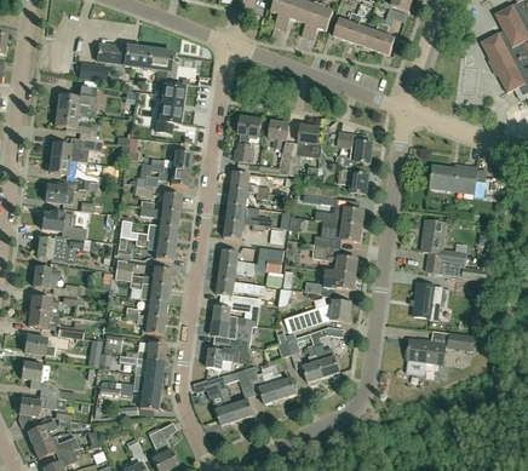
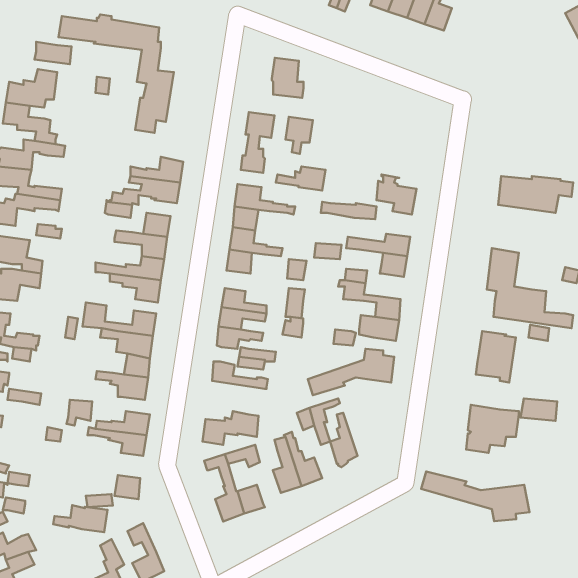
building: [298,125,322,155] -> [272,58,304,98]
building: [335,132,373,166] -> none
building: [208,320,253,346] -> none
building: [309,327,344,377] -> none
building: [120,373,161,394] -> [53,505,107,532]
building: none -> [421,472,530,521]

